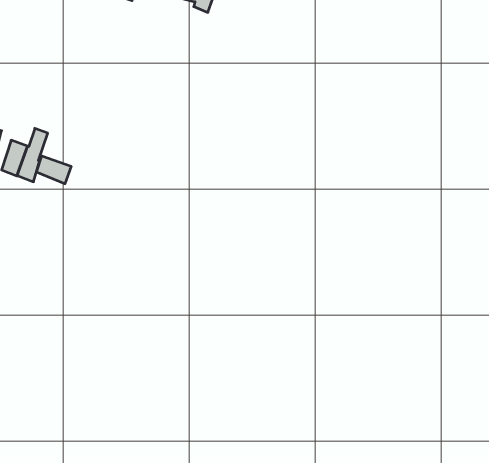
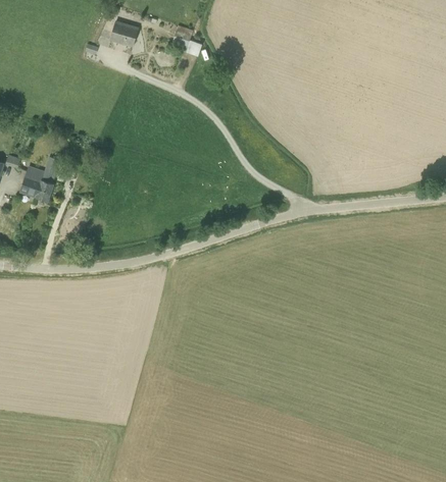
building: [36,156,71,184] -> none

